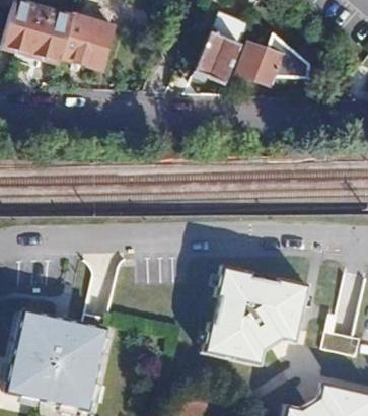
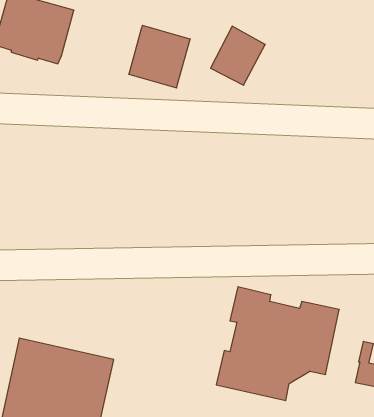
building: [60,14,115,70] -> [129,25,190,88]
building: [235,32,311,86] -> none

